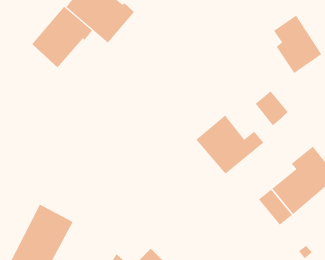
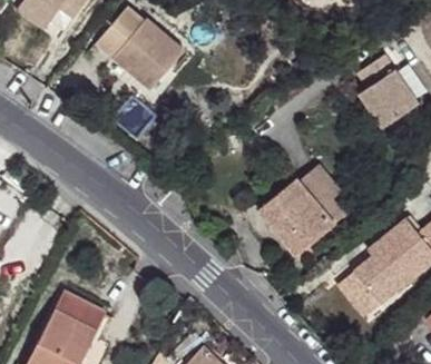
building: [31,6,93,68] -> none
building: [255,91,289,126] -> [298,165,341,209]

